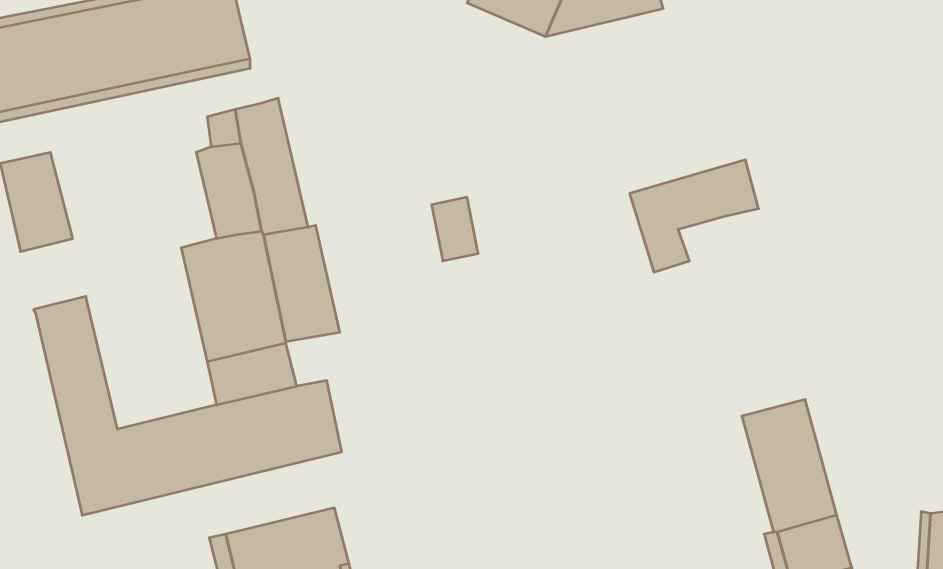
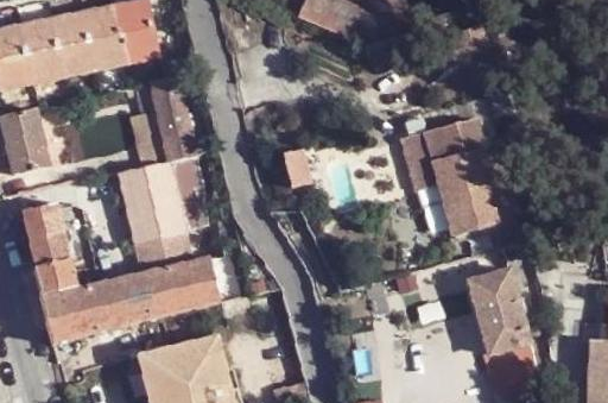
building: none -> [432,146,500,233]

